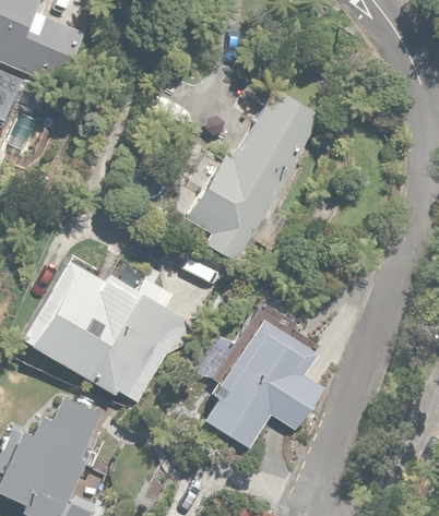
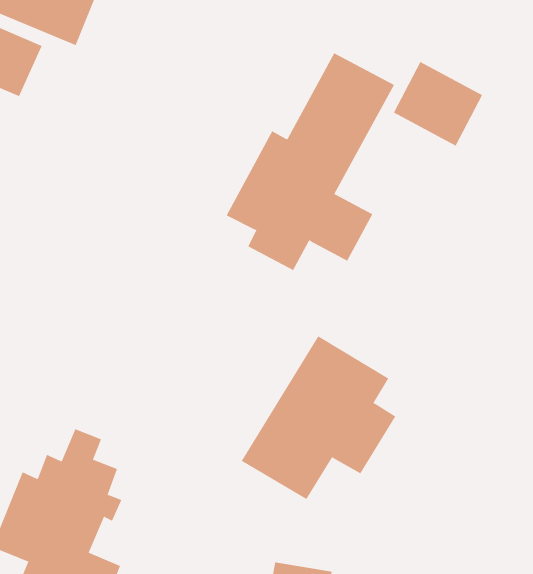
building: none -> [393,61,483,146]
building: [17,253,198,413] -> none

